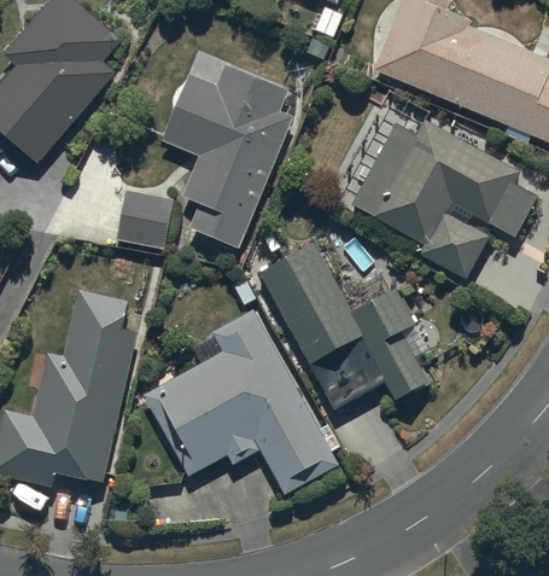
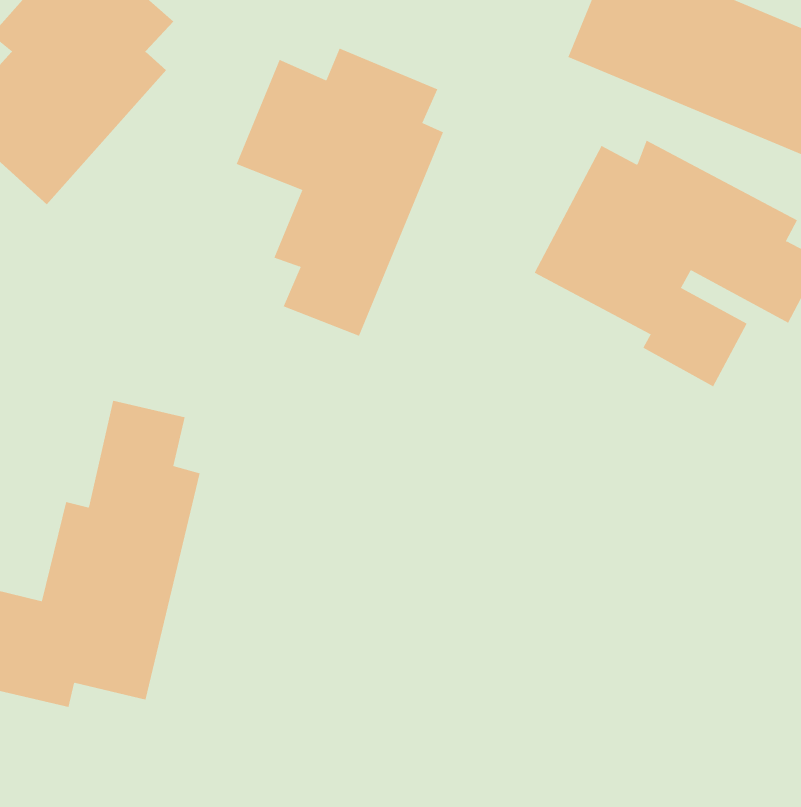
building: [117,191,173,249] -> none
building: [261,240,428,411] -> none
building: [144,312,341,494] -> none

